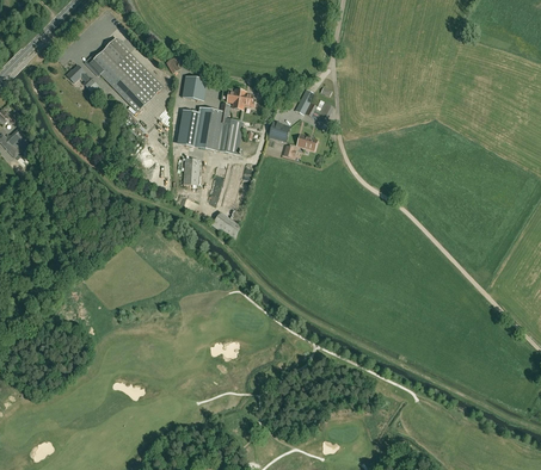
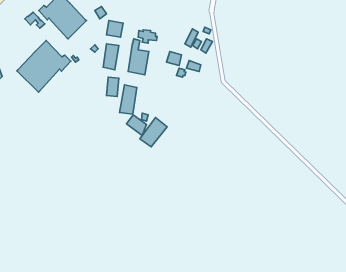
building: none -> [17,40,71,92]
building: [193,107,219,149] -> [119,85,137,114]
building: none -> [140,118,167,147]

